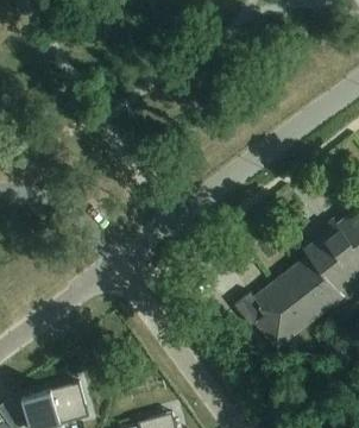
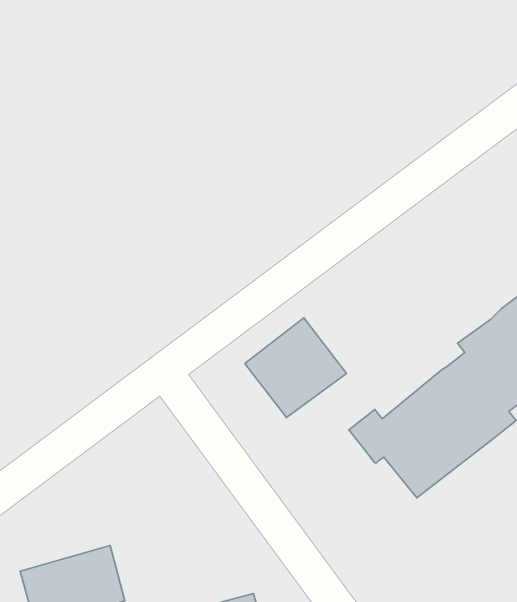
building: none -> [245,318,347,418]

